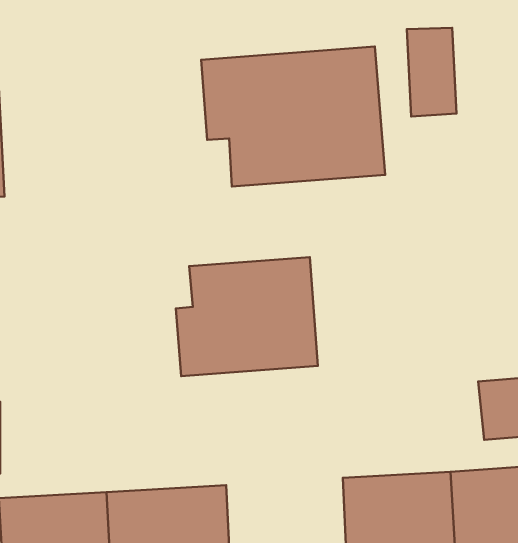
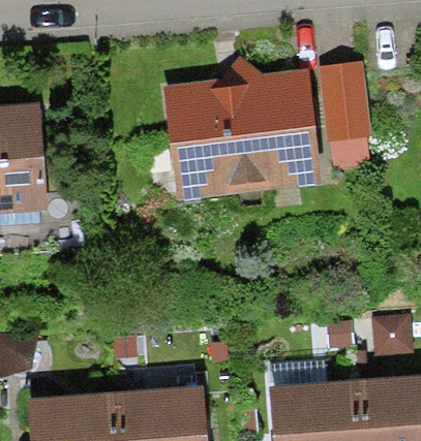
building: [176,257,318,376] -> none

